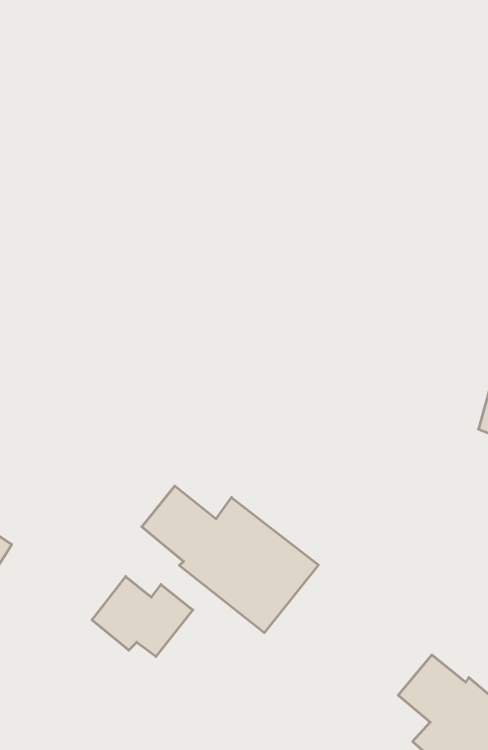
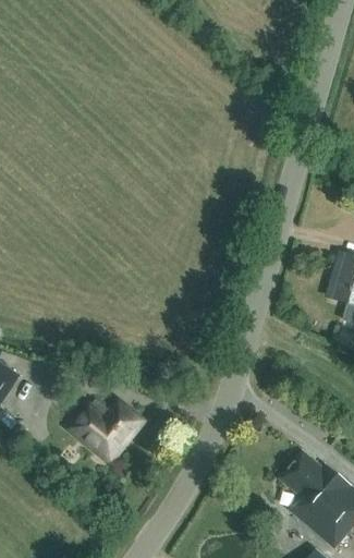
building: [142,486,318,633] -> none

